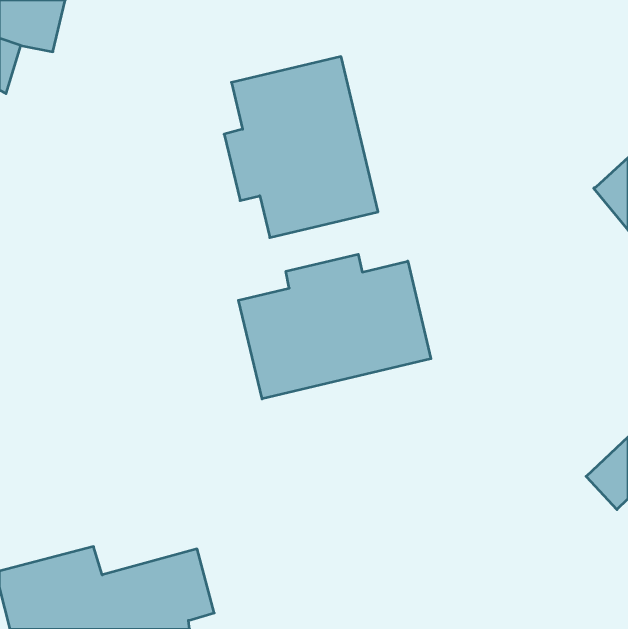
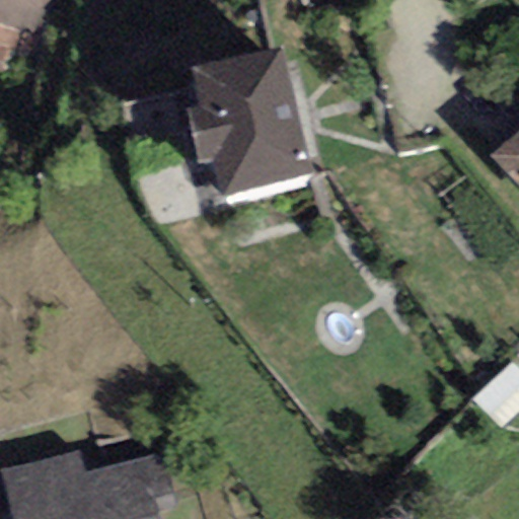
building: [238,254,431,399] -> none

